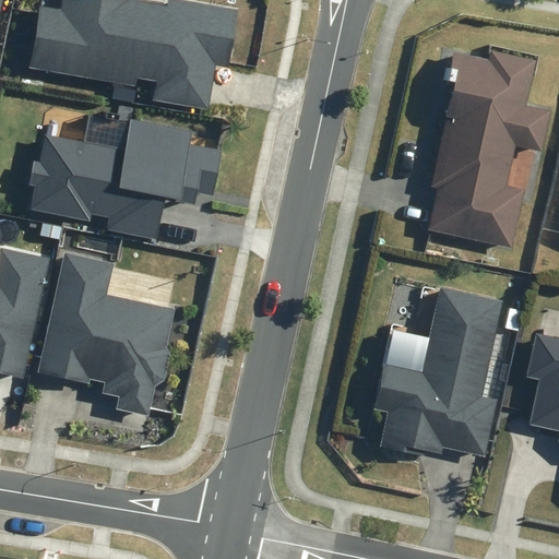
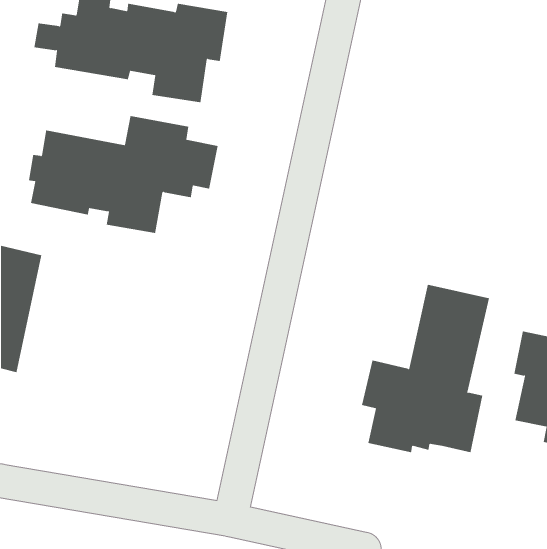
building: [423,52,548,253] -> none
building: [37,252,174,415] -> none

